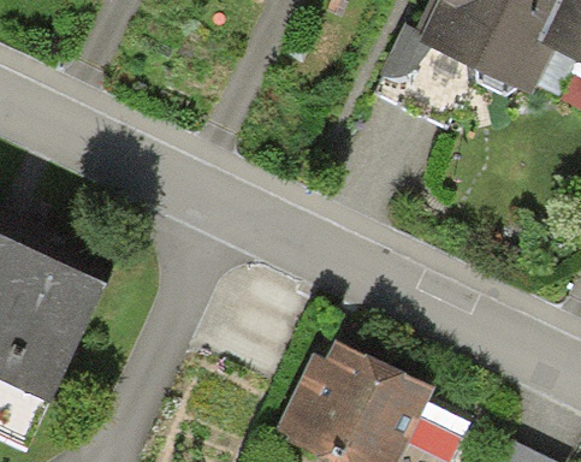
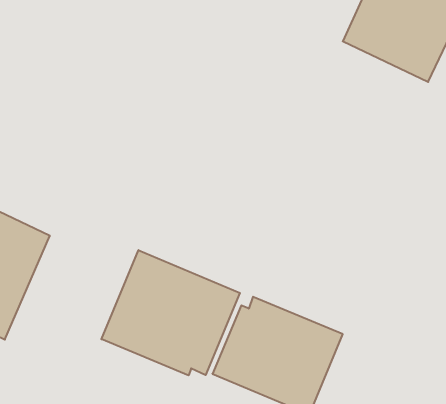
building: none -> [101,250,240,375]

